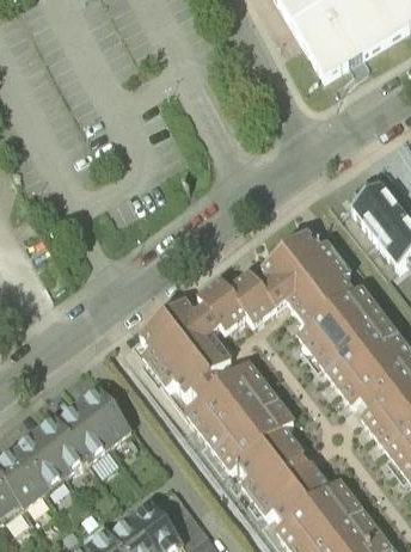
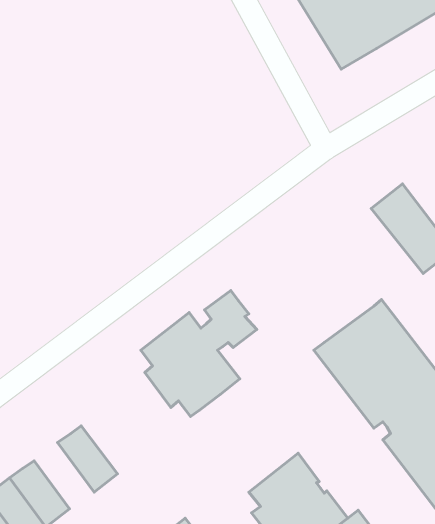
building: [228,233,352,327] -> none
building: [185,363,293,471] -> none
building: [84,387,139,448] -> none
building: [41,419,96,480] -> none

